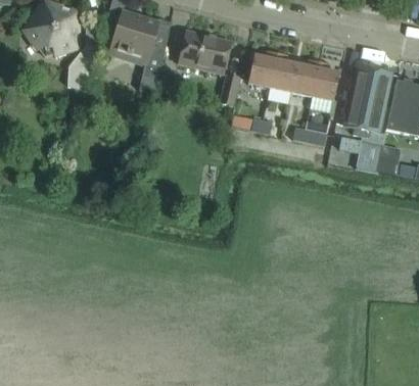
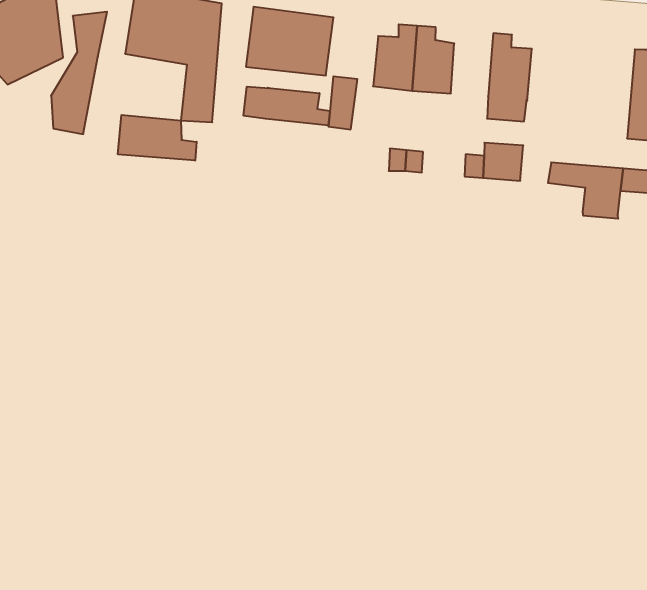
building: [290,59,318,96] -> none
building: [343,66,390,138] -> none
building: none -> [244,87,330,125]
building: none -> [118,115,197,161]

